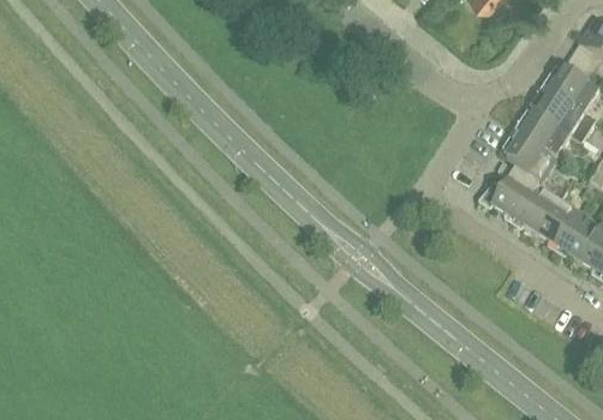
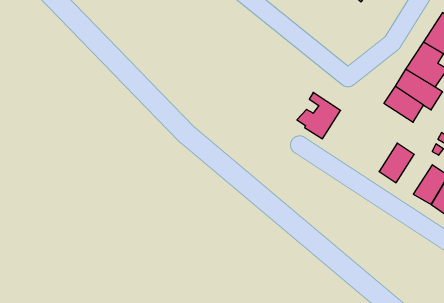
building: [506,140,557,187] -> none
building: [482,168,537,227] -> [297,92,341,139]
building: [536,205,581,256] -> none

